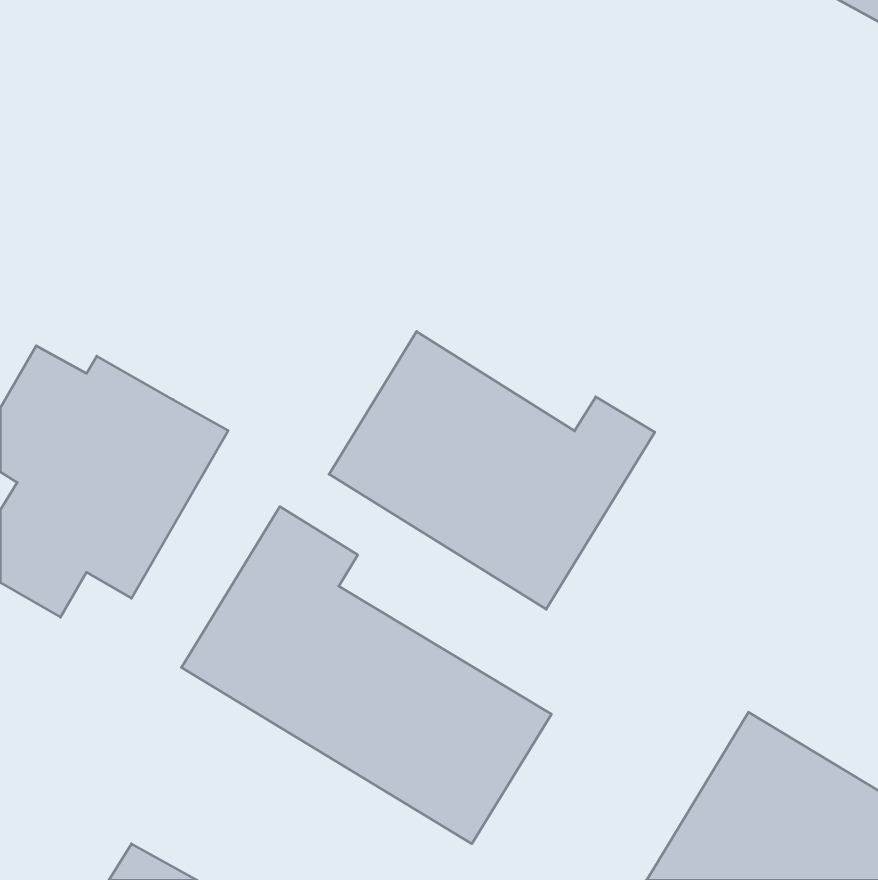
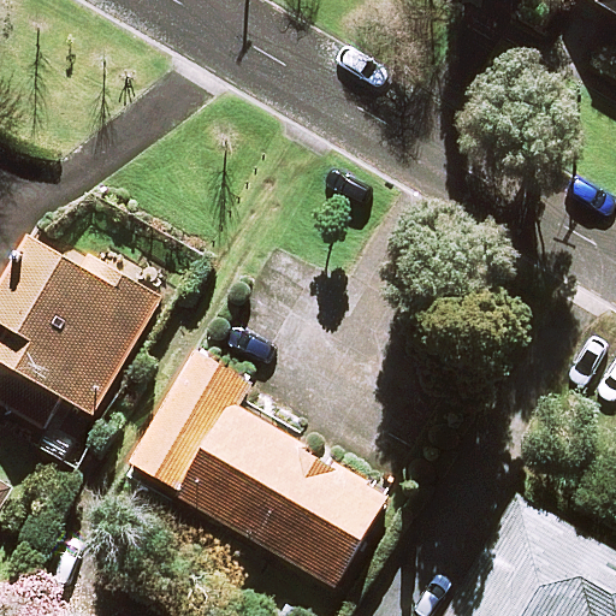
building: [329,331,655,609] -> none

